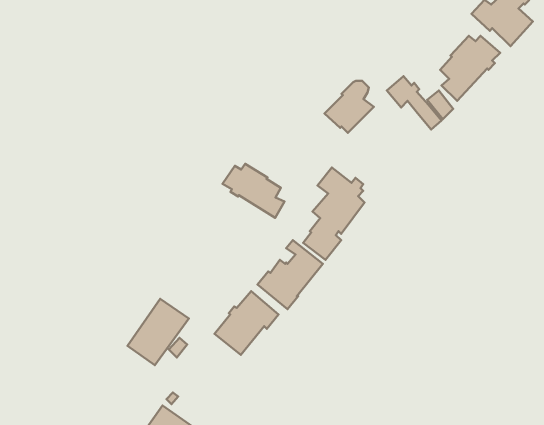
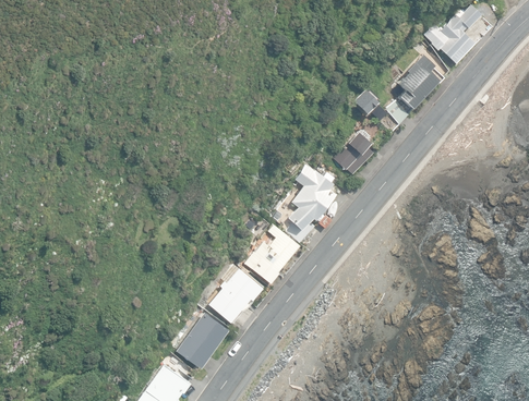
building: [324,81,374,133] -> [333,131,374,174]
building: [223,164,284,218] -> none
building: [128,299,189,365] -> [177,313,228,368]

